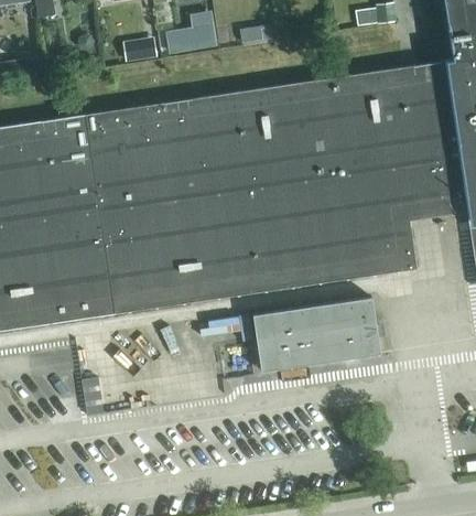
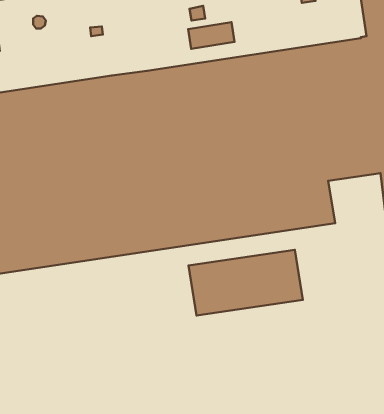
building: [165,23,217,53] -> [188,22,235,49]

